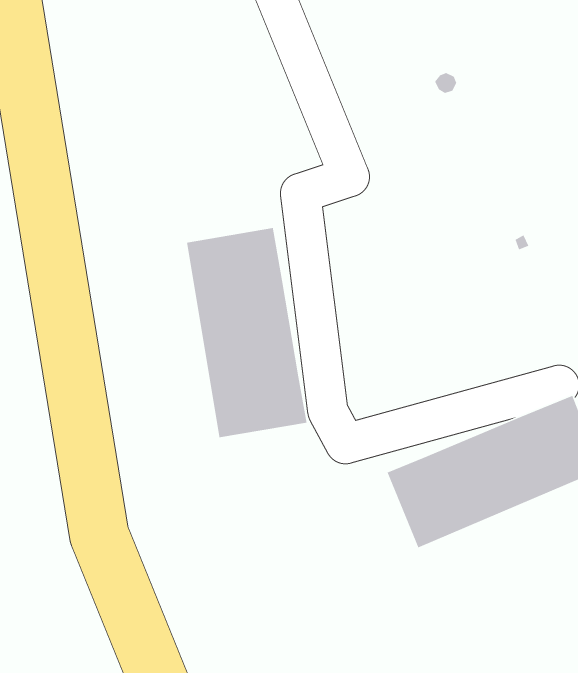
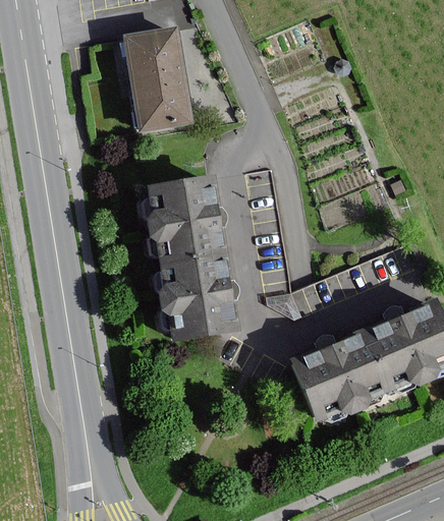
building: none -> [126,30,187,128]

